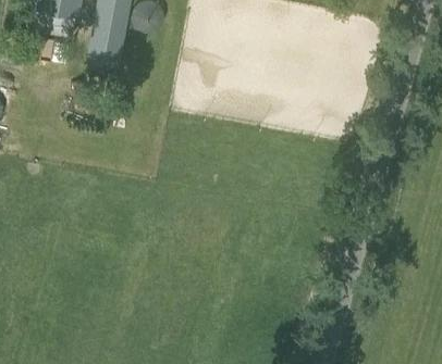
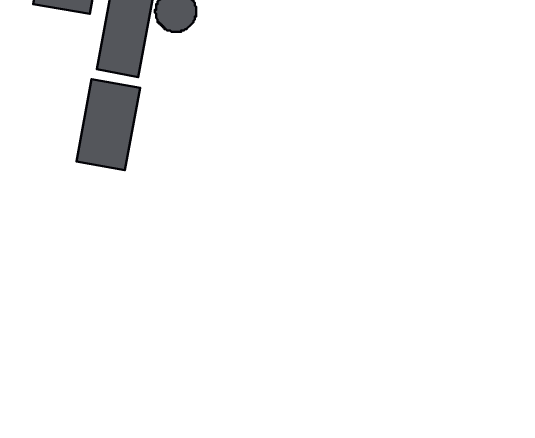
building: none -> [76,79,140,170]

